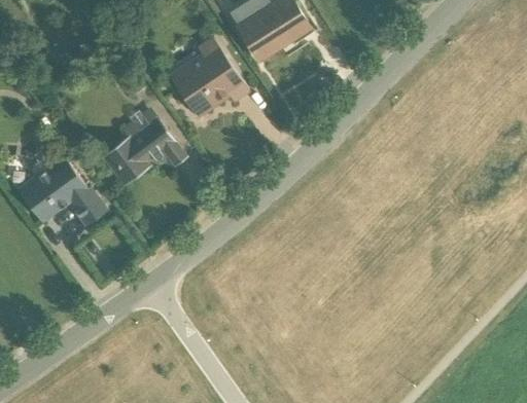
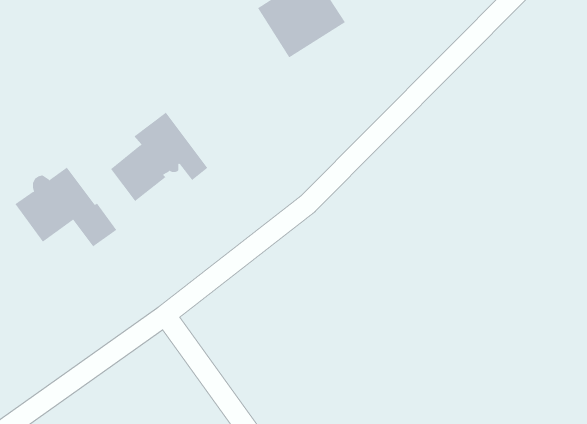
building: [168,37,250,119] -> none

